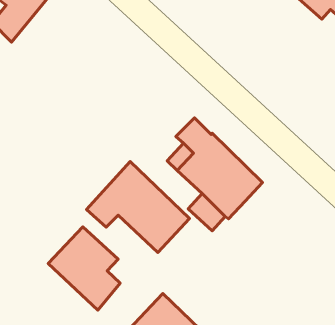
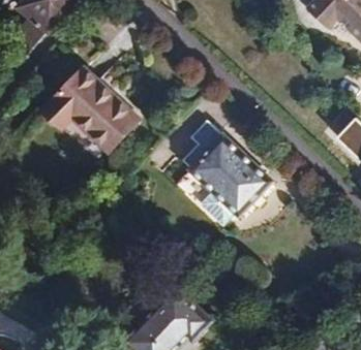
building: [86,161,189,252] -> [40,65,138,151]
building: [48,227,120,310] -> none

